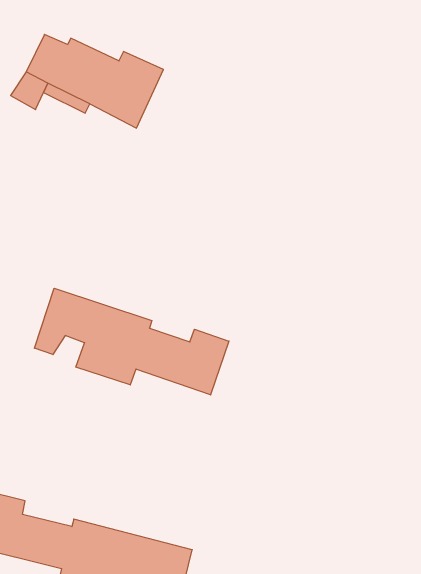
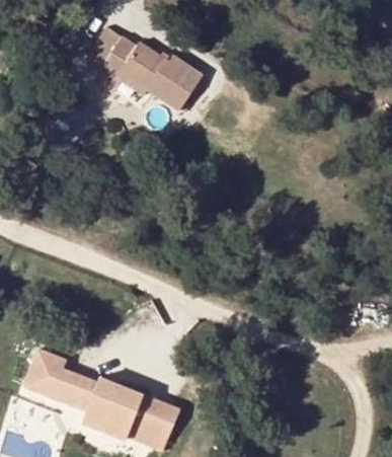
building: [34,288,229,395] -> none

